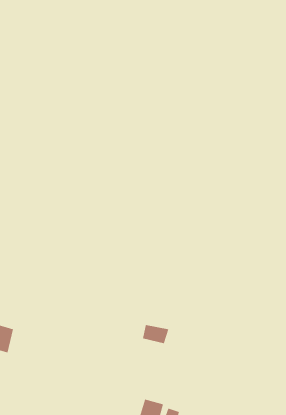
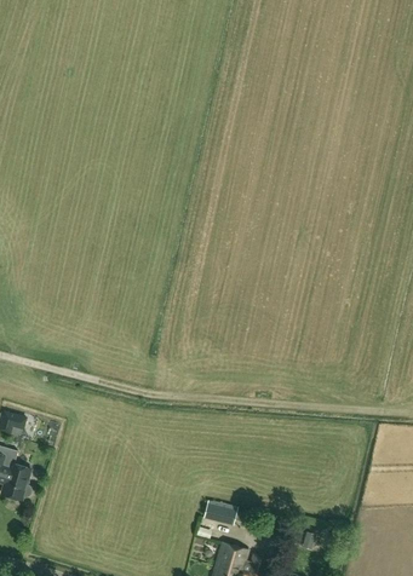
building: [142,324,169,344] -> [202,501,237,526]

